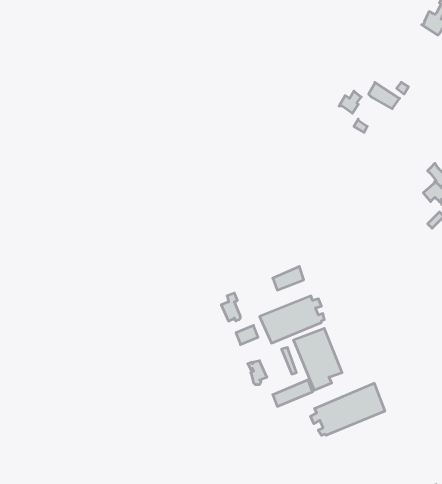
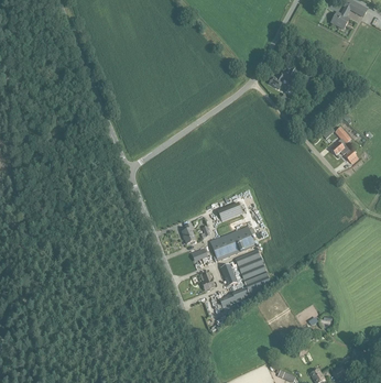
building: [311,383,385,435] -> none

